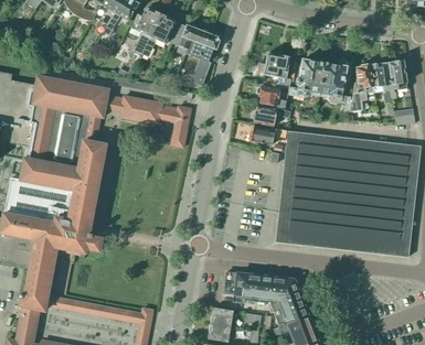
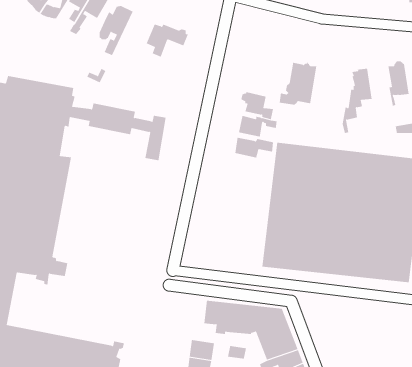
building: [141,13,176,56] -> none
building: [185,33,219,85] -> none
building: [263,52,290,88] -> none
building: [370,60,392,98] -> none
building: [319,62,350,114] -> none

